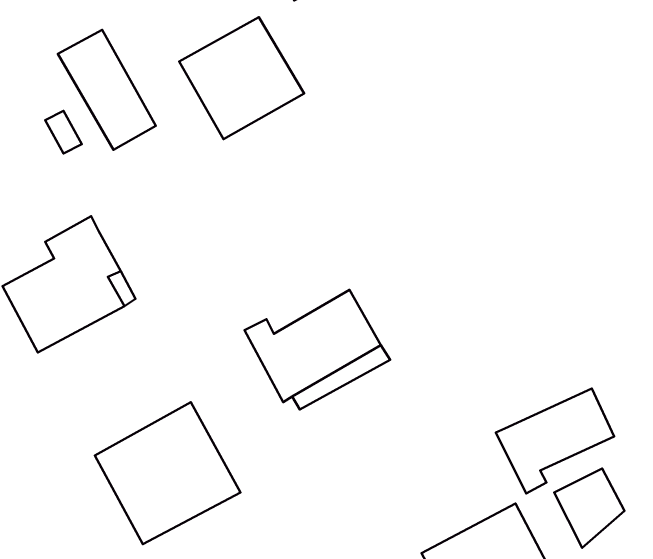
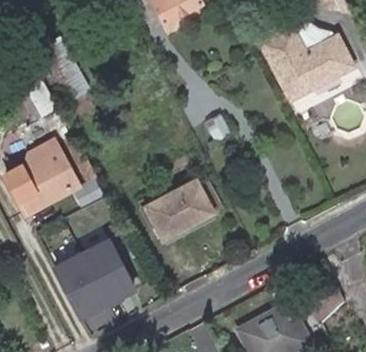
building: none -> [261,26,353,98]
building: [179,17,304,139] -> none
building: [496,388,614,493] -> none

